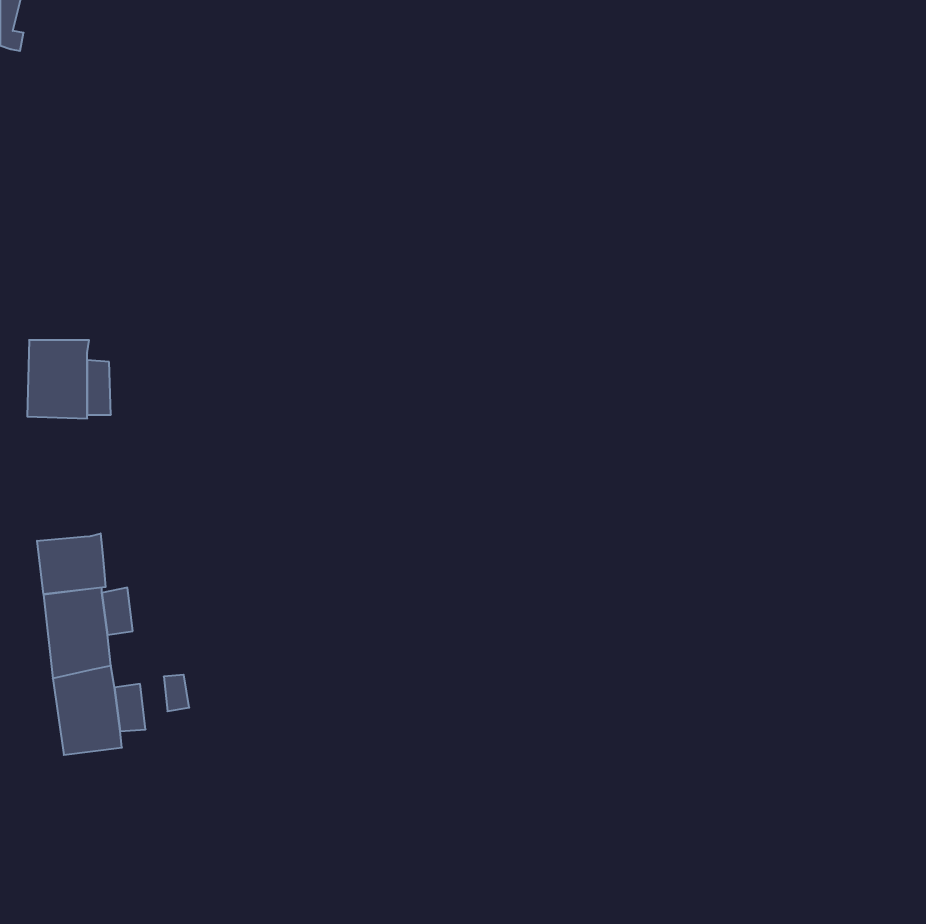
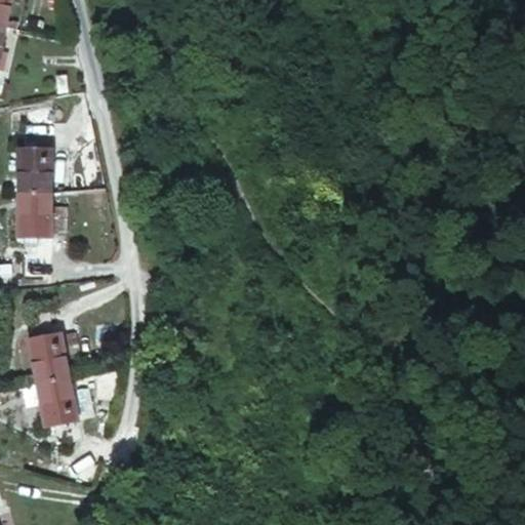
building: none -> [18,146,52,192]
building: [37,533,106,594] -> none

